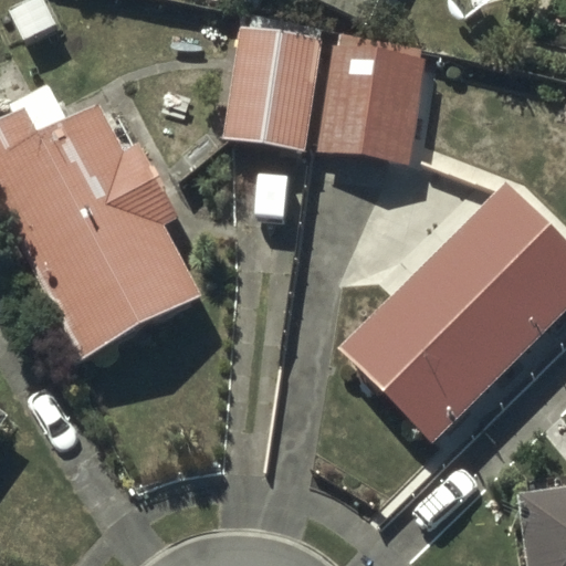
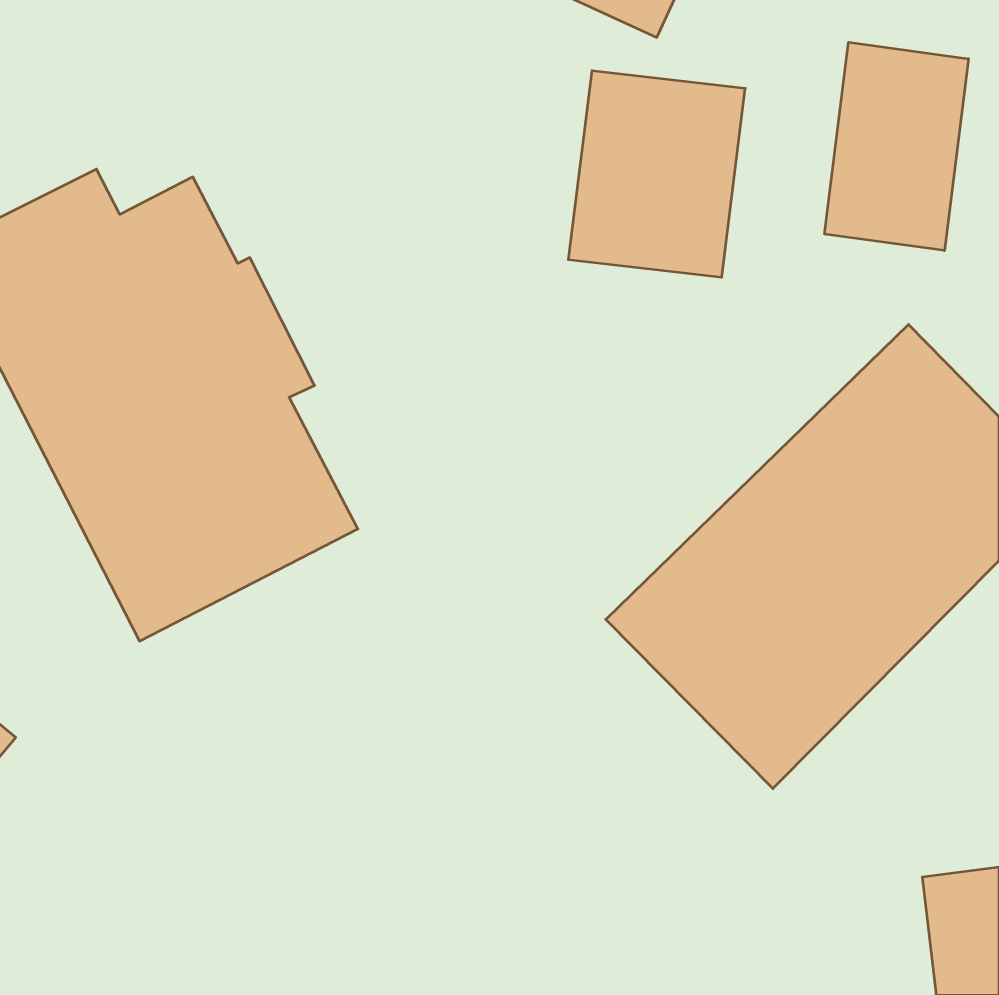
building: [224,15,318,147] -> none
building: none -> [825,42,968,251]

